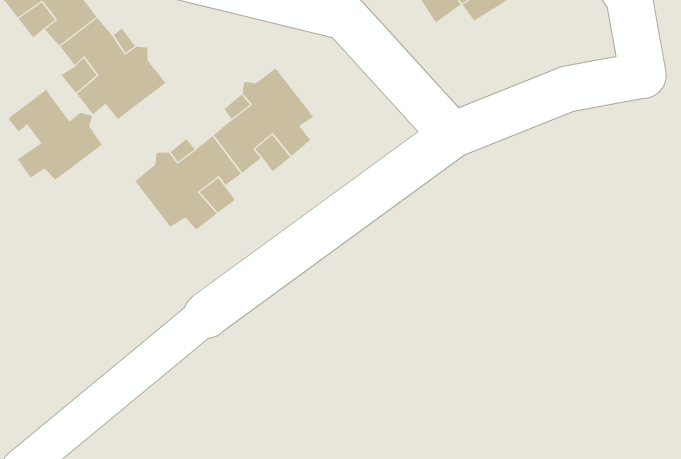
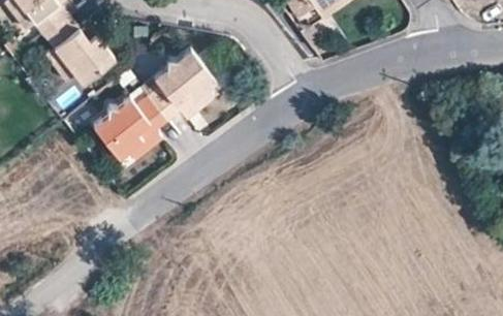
building: [7,89,103,180] -> none

